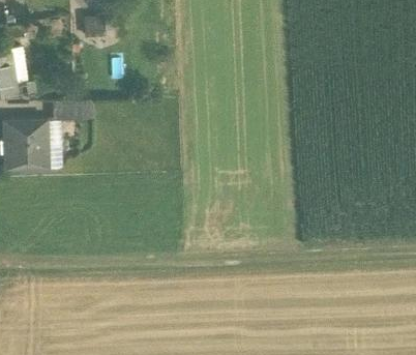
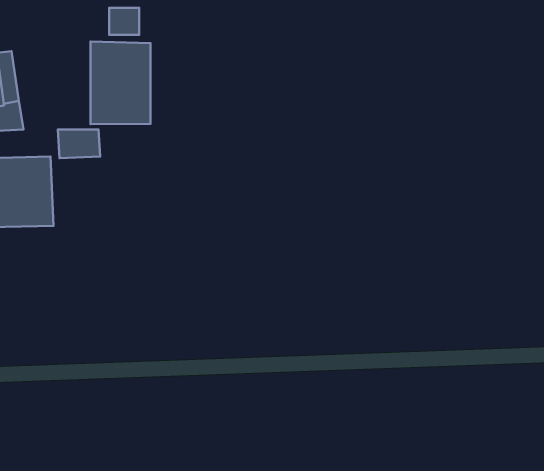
building: none -> [91,41,150,124]

